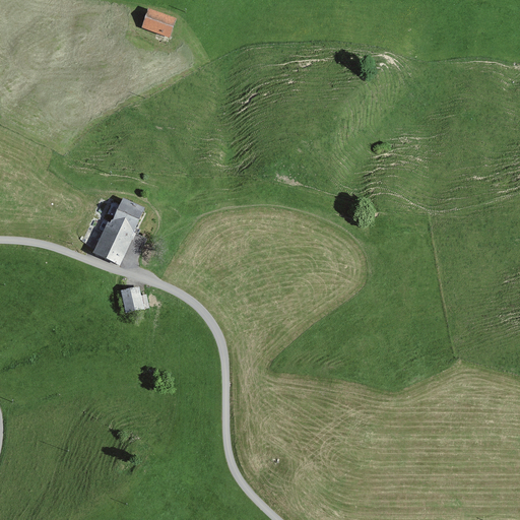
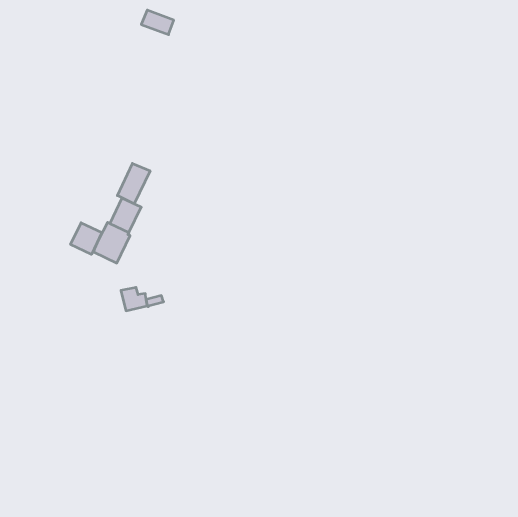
building: none -> [117,163,150,204]
building: none -> [71,223,102,254]

